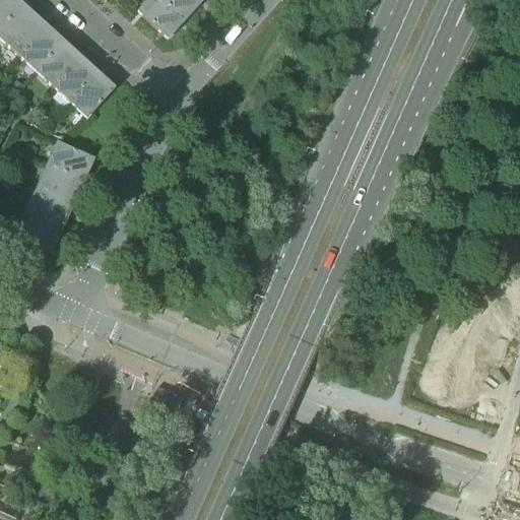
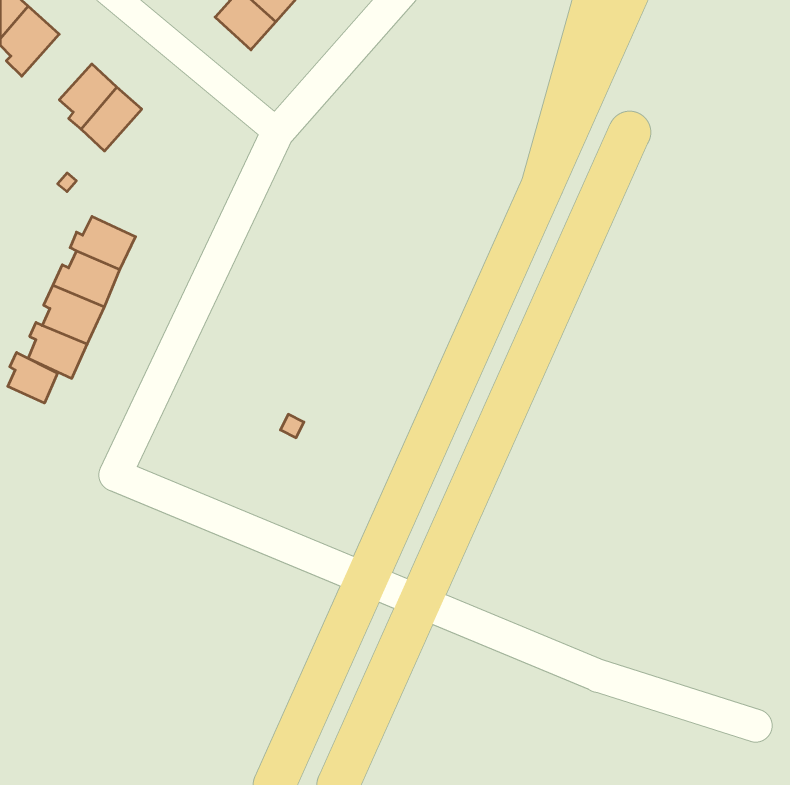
building: [18,22,64,65] -> none
building: [72,71,115,111] -> none
building: none -> [8,352,58,403]

